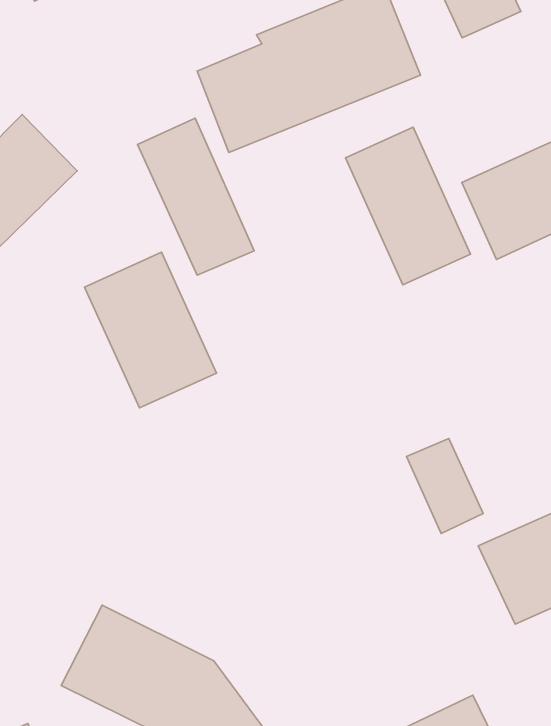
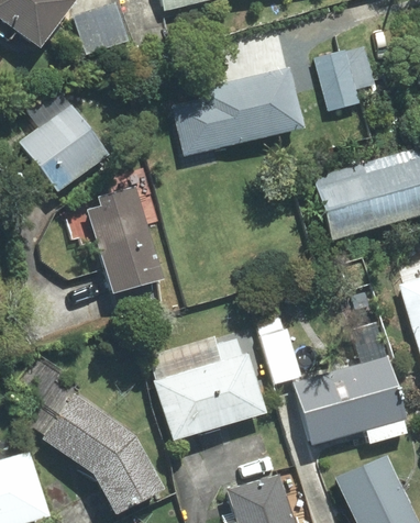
building: [137,118,254,275] -> none
building: [345,127,471,285] -> none
building: none -> [159,357,262,435]

